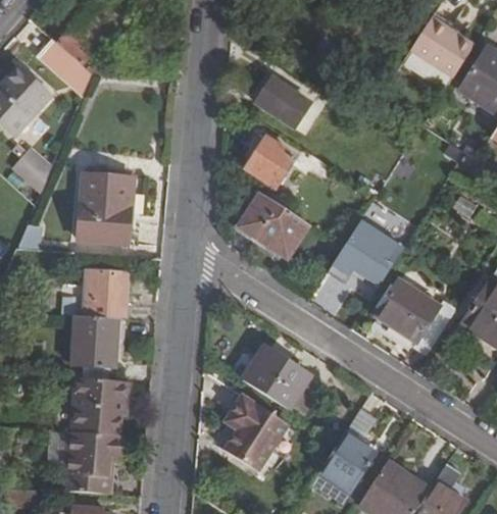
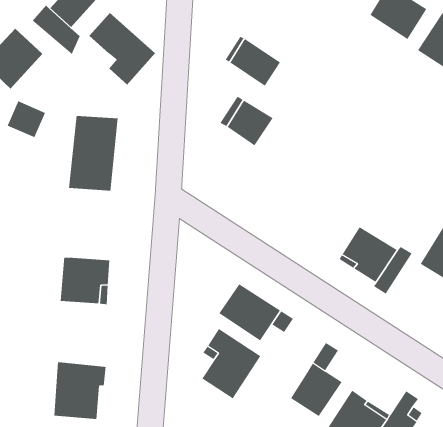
building: none -> [89,12,156,86]
building: [239,193,309,257] -> none
building: [335,224,405,289] -> none
building: [79,271,129,319] -> none
building: [68,378,129,435] -> none

